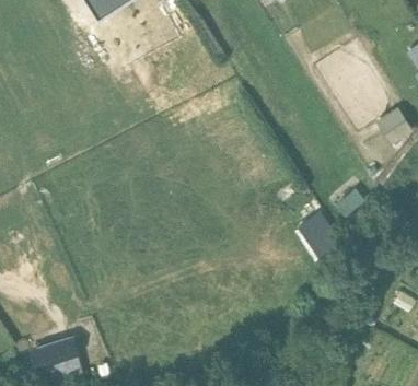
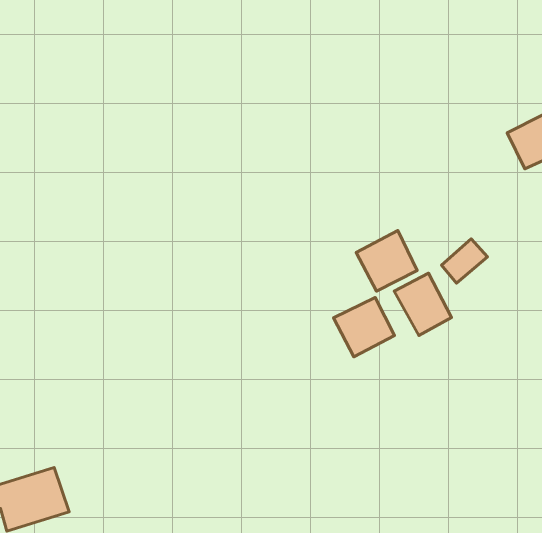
building: none -> [356,230,417,291]
building: none -> [333,297,394,357]

